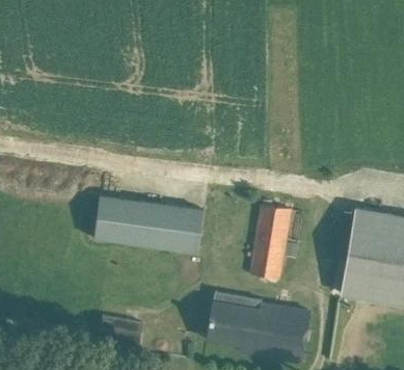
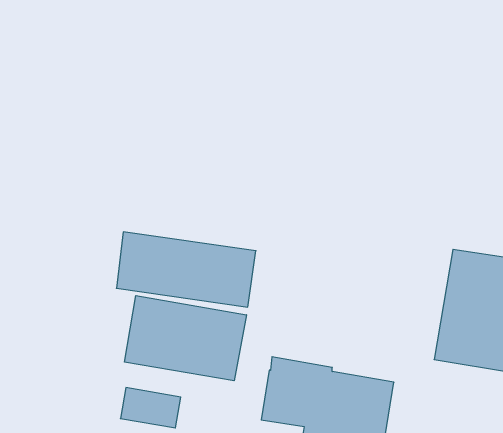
building: [248,205,291,281] -> none
building: none -> [125,296,246,381]

